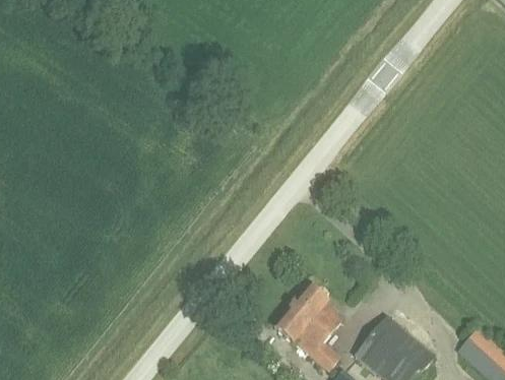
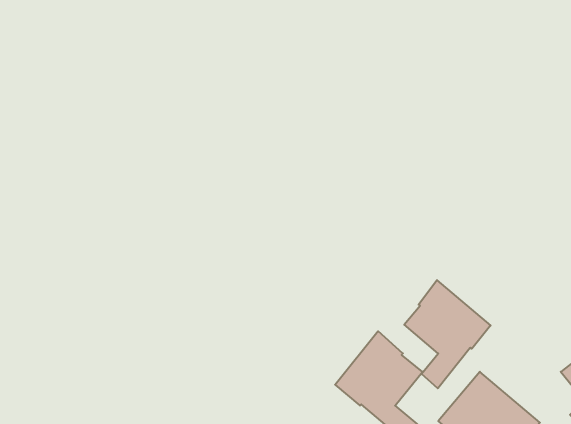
building: none -> [404,280,491,388]

